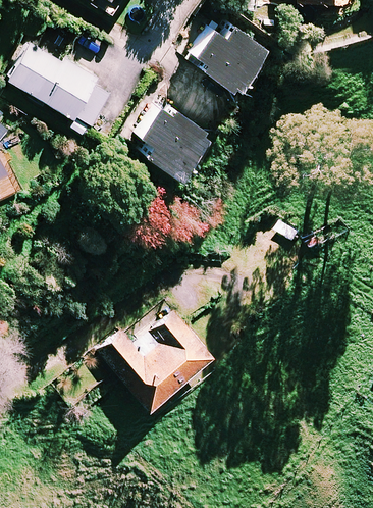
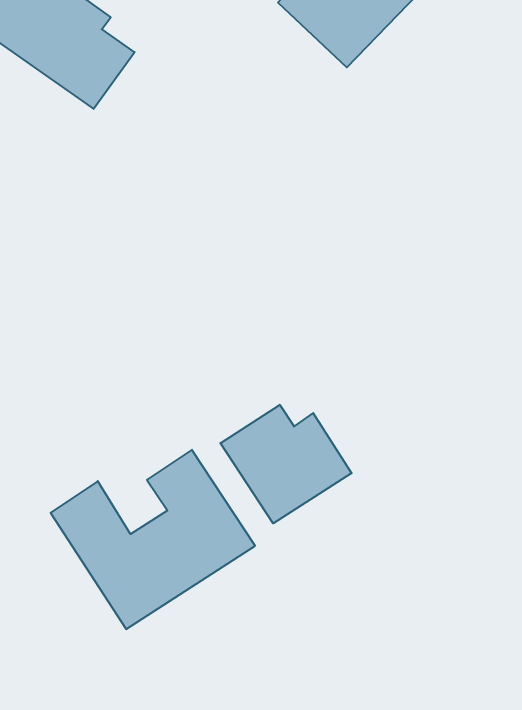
building: [140,102,204,173] -> none
building: none -> [220,405,352,523]

